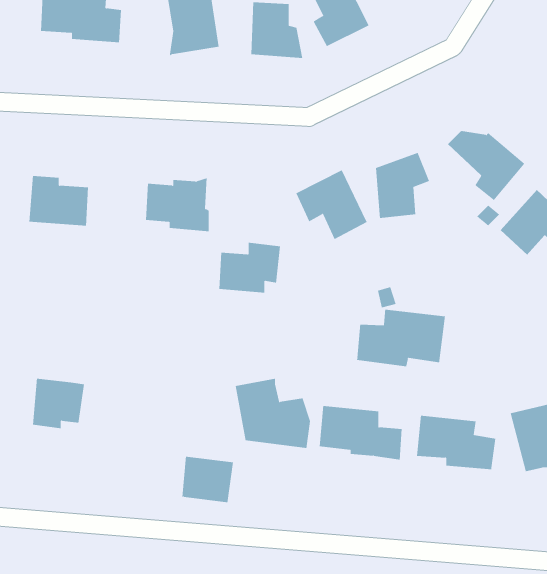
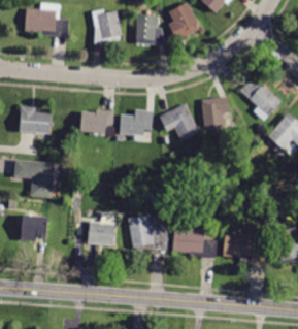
building: [218,242,281,293] -> [120,108,153,135]
building: none -> [14,159,54,196]
building: [357,309,445,367] -> none
building: [181,456,234,503] -> [88,221,115,245]

